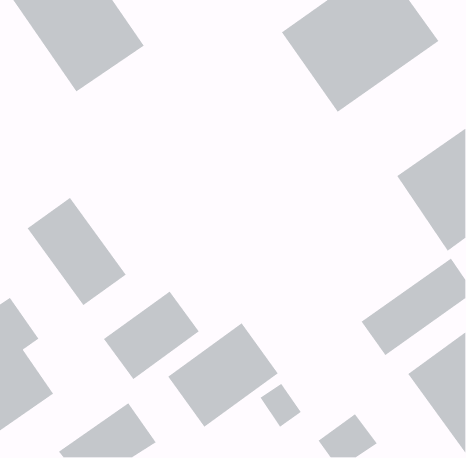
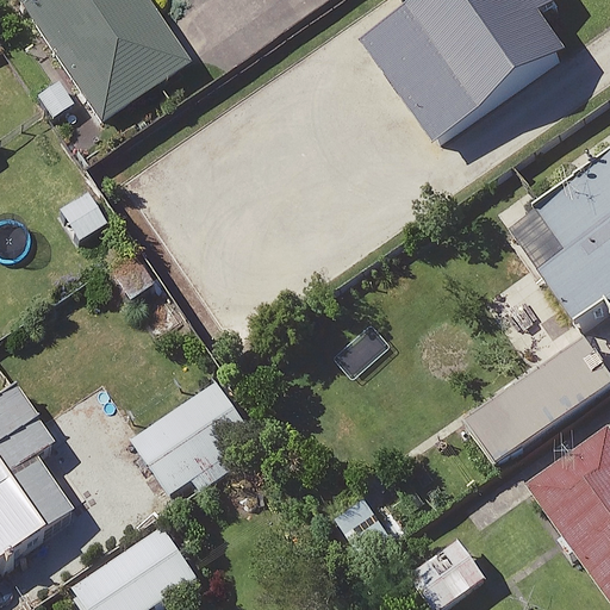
building: [26,197,127,306] -> none
building: [167,322,279,428] -> none

